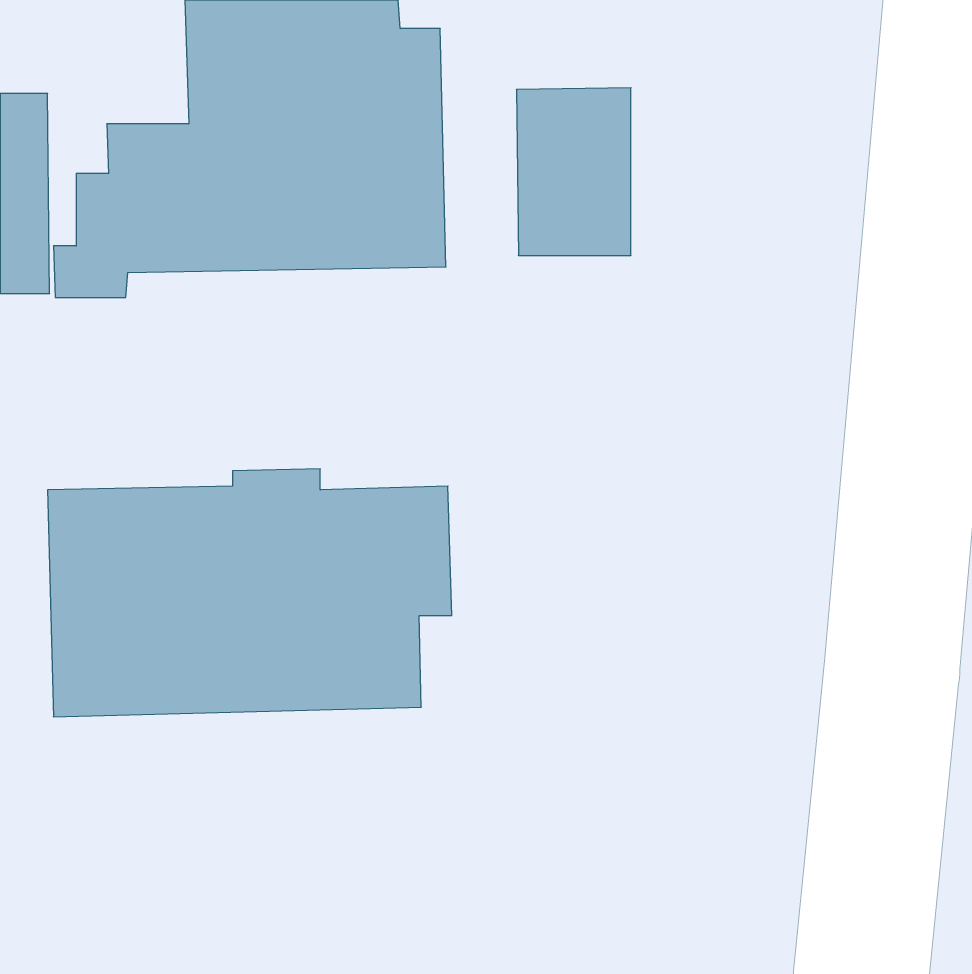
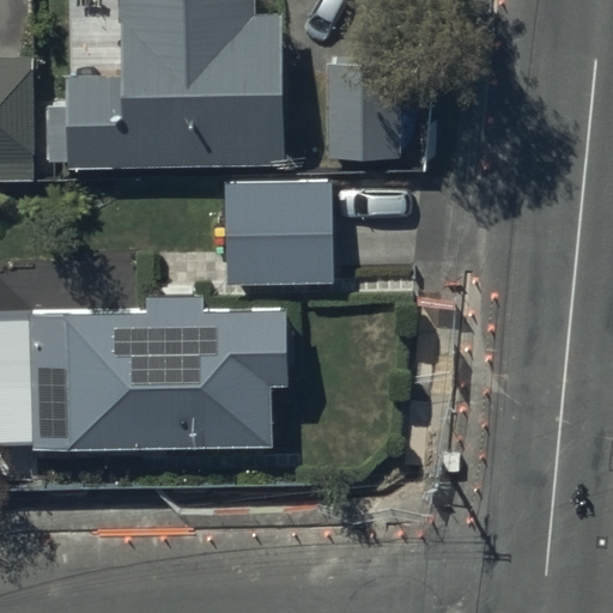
building: none -> [227,182,334,285]

